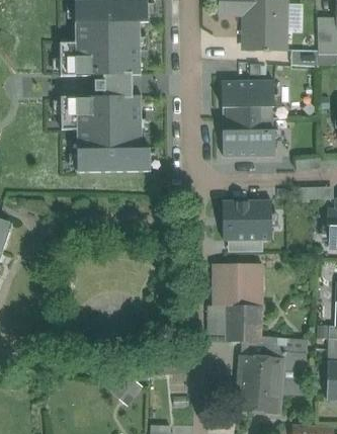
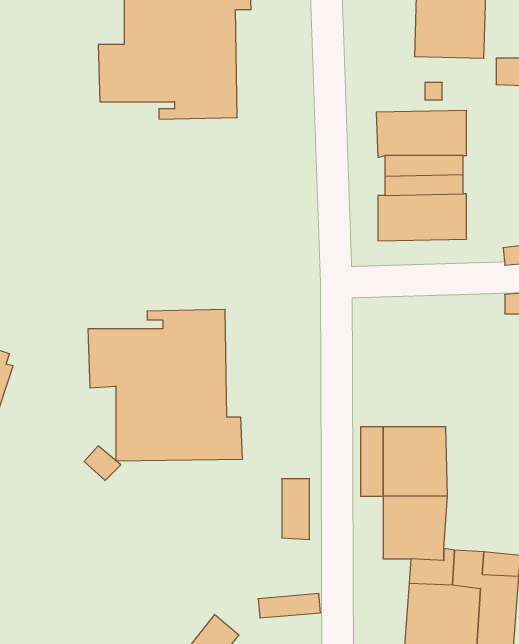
building: [61,84,151,172] -> [88,310,243,461]
building: [225,198,274,249] -> none
building: [209,305,226,340] -> [282,479,310,540]

